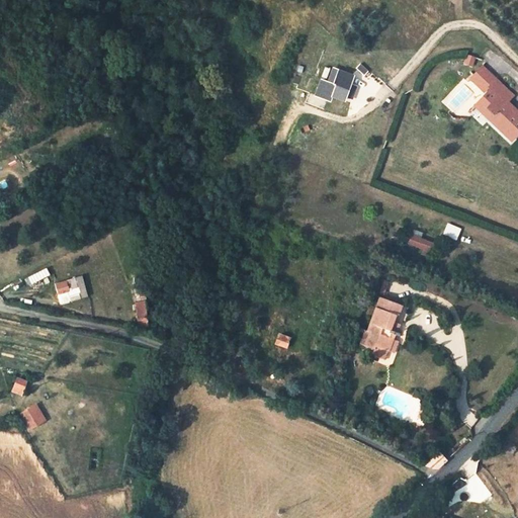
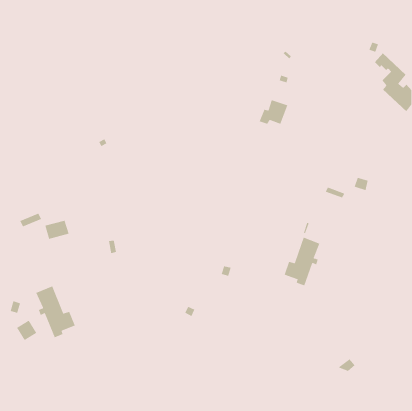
building: [315,67,351,98] -> [259,100,288,125]
building: none -> [35,285,75,338]

